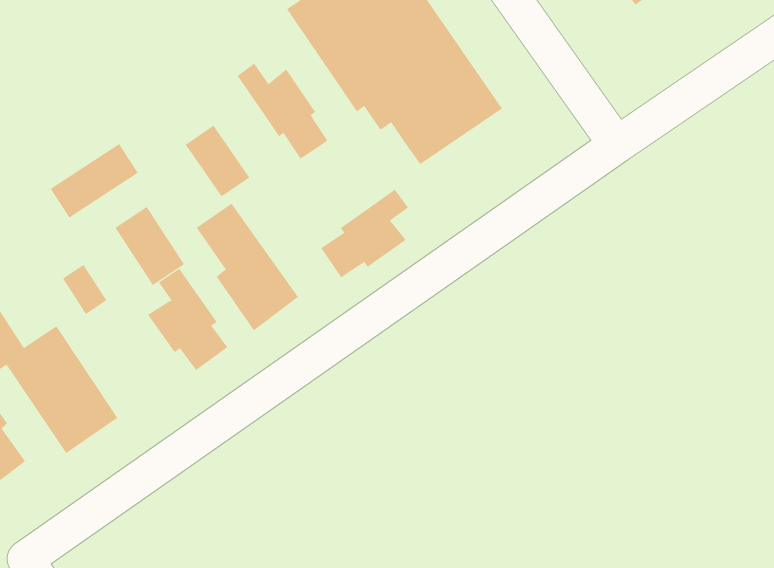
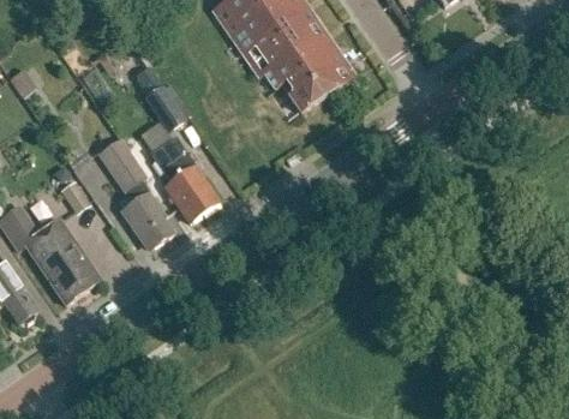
building: [237,63,328,160] -> none
building: [50,143,138,218] -> none
building: [321,189,409,278] -> none

